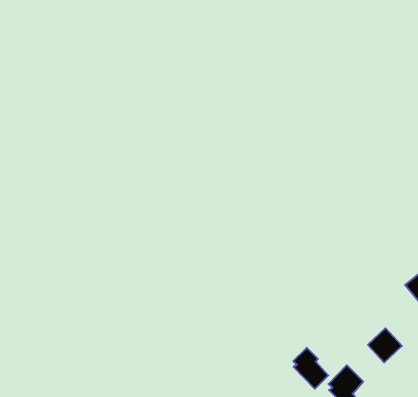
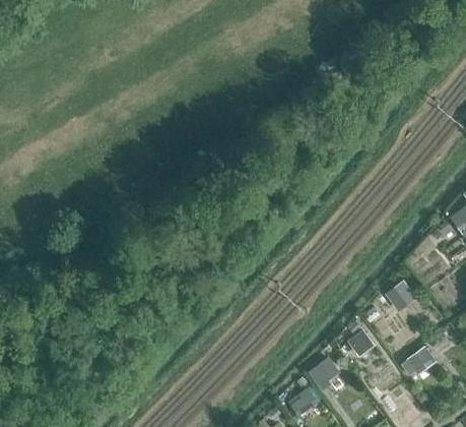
building: [293,348,328,389] -> none

